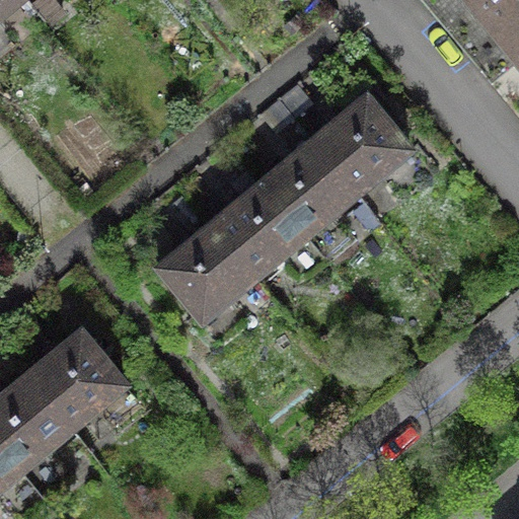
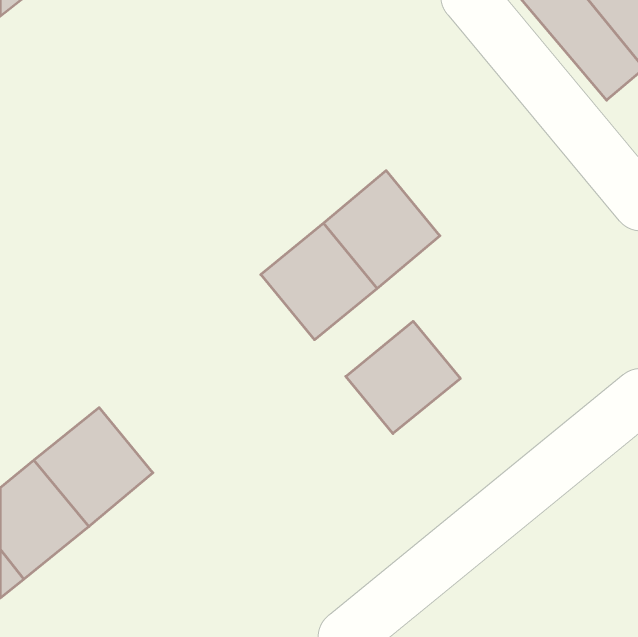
building: [314,94,412,191] -> none
building: [160,222,256,318] -> none
building: none -> [346,321,460,434]

